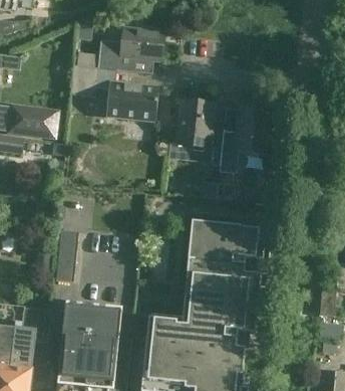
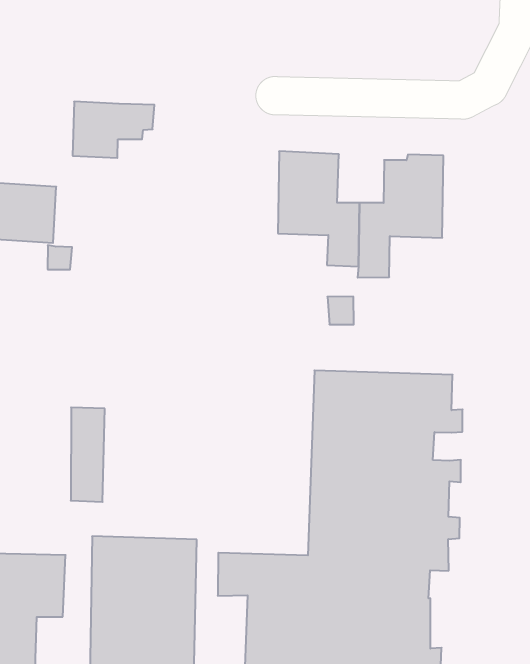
building: [98,26,165,69] -> none
building: [107,82,158,120] -> none

